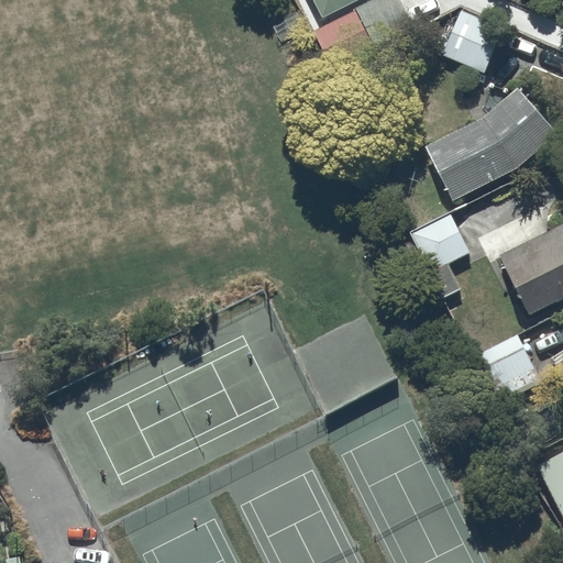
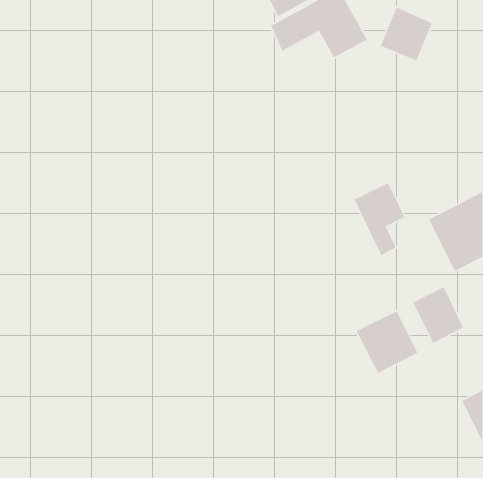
building: [424,87,556,201] -> none
building: none -> [355,310,419,374]

